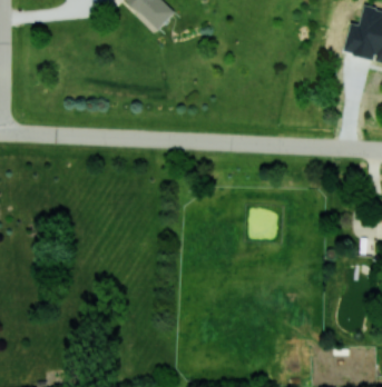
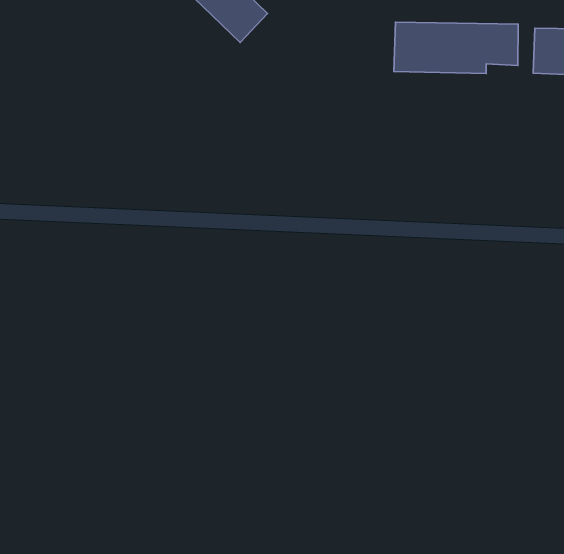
building: none -> [394,22,518,73]

